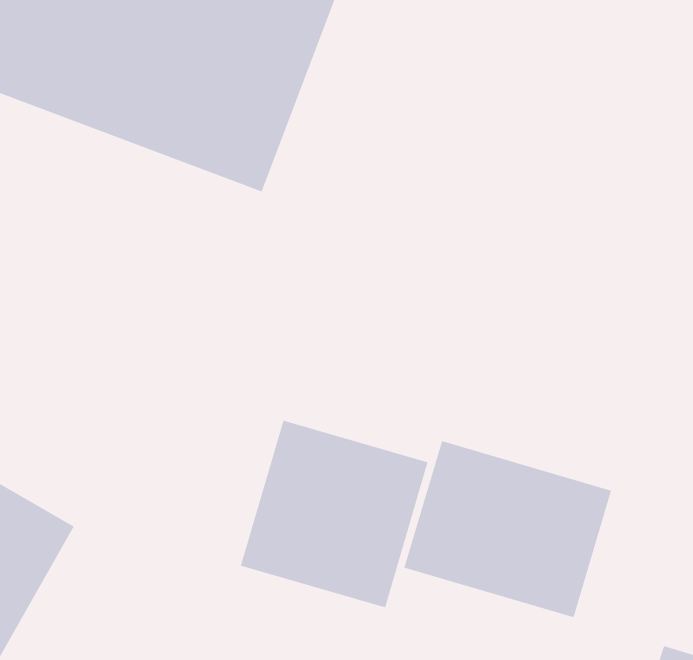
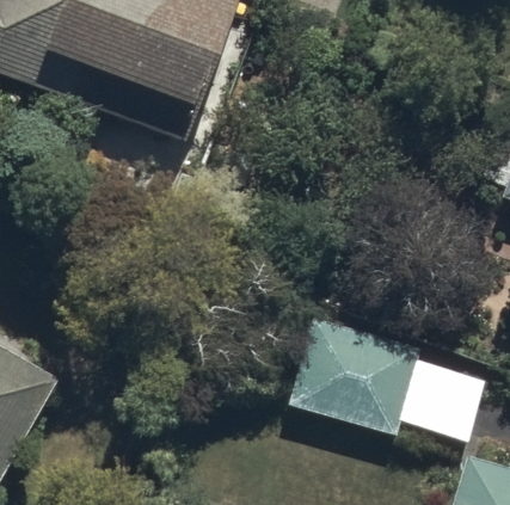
building: [240,420,428,608] -> none

